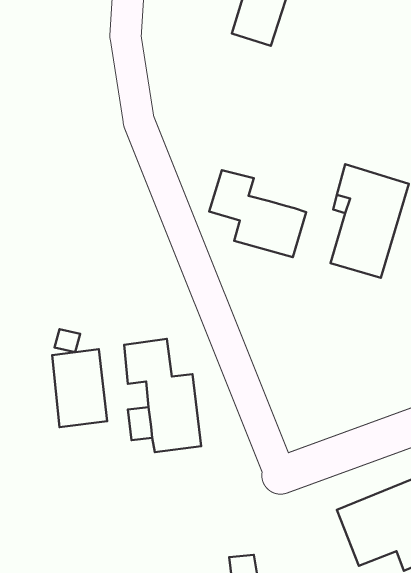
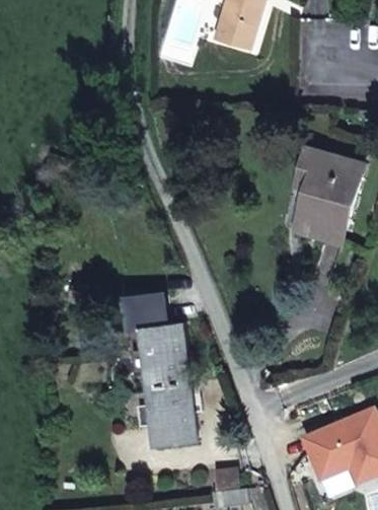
building: [209,170,306,257] -> none
building: [52,349,107,427] -> [151,382,197,447]

